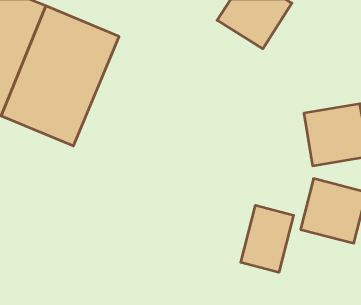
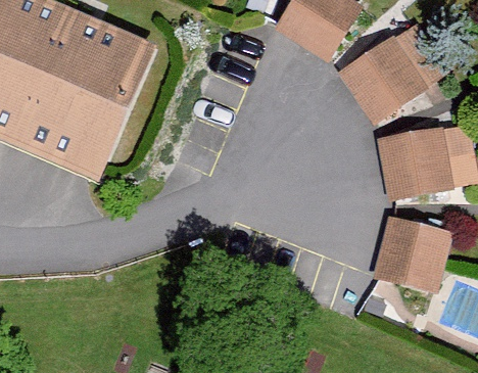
building: none -> [338,34,430,125]
building: [241,205,294,272] -> none

